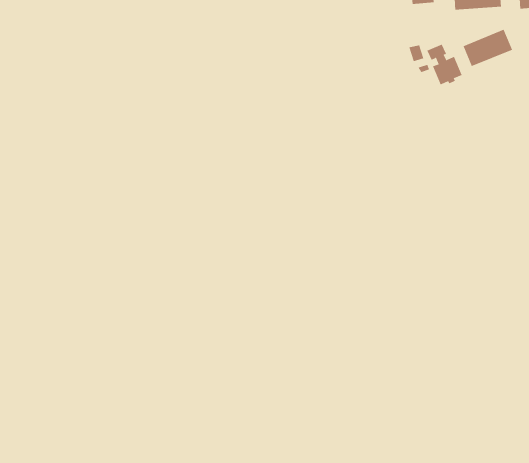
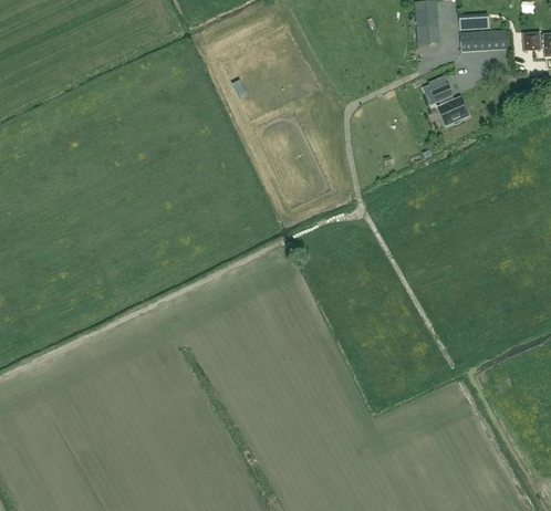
building: [463,29,513,67] -> none

